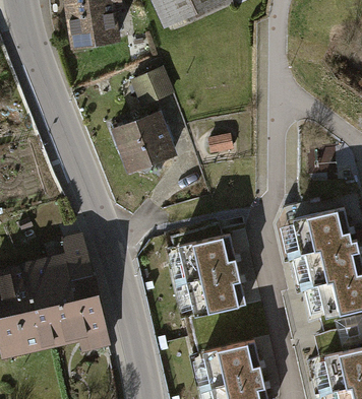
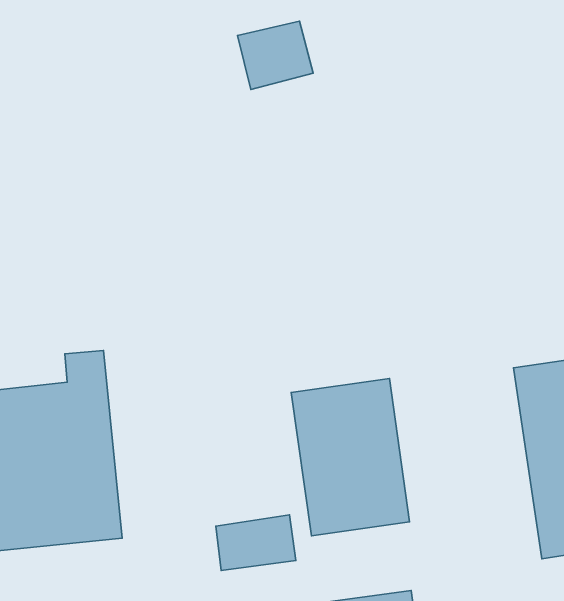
building: [116,104,180,165] -> none
building: none -> [216,515,296,570]

